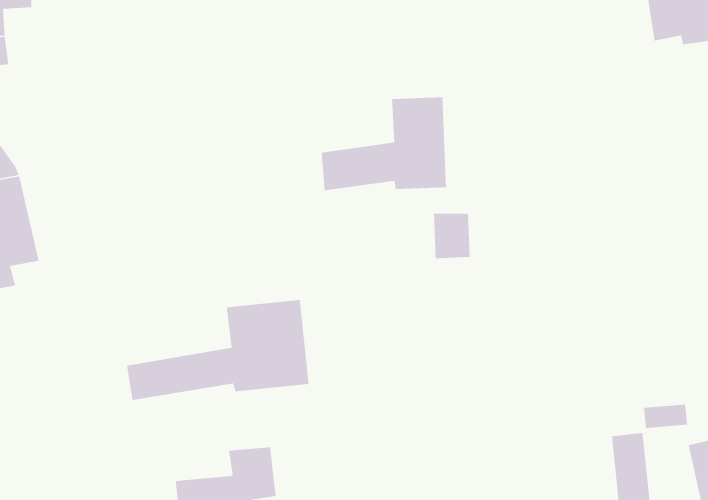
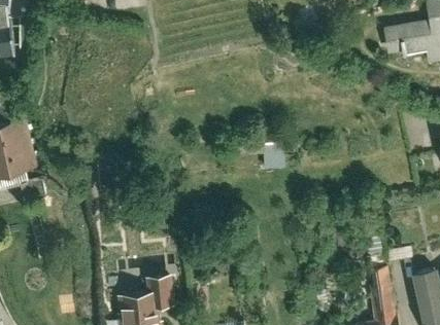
building: [321,97,447,191] -> none
building: [126,299,310,401] -> none

